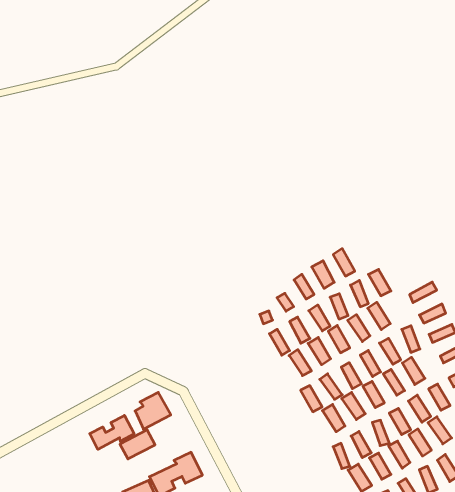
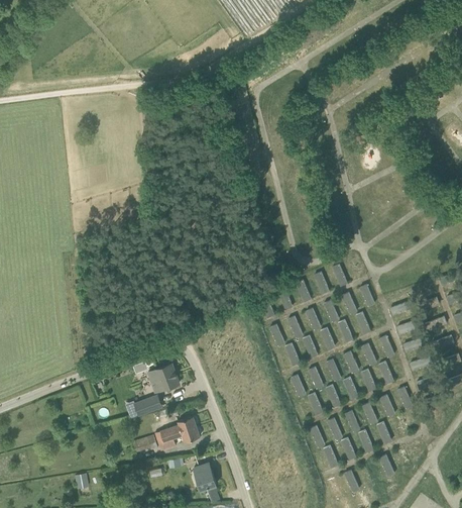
building: [90,415,134,449] -> none

